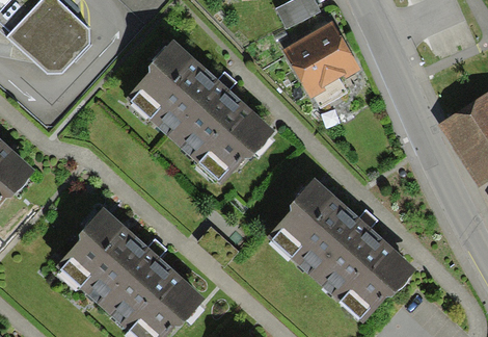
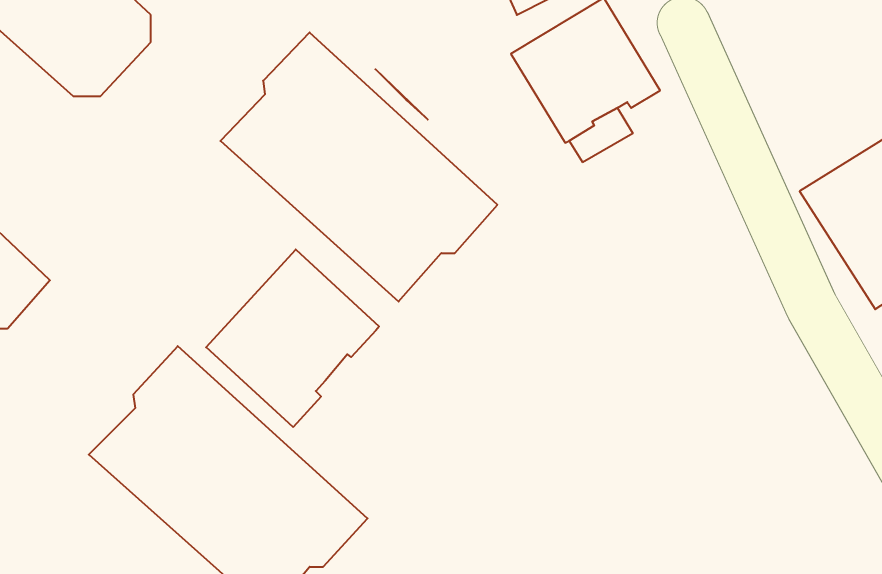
building: none -> [206,249,379,427]
building: [267,178,416,323] -> none

